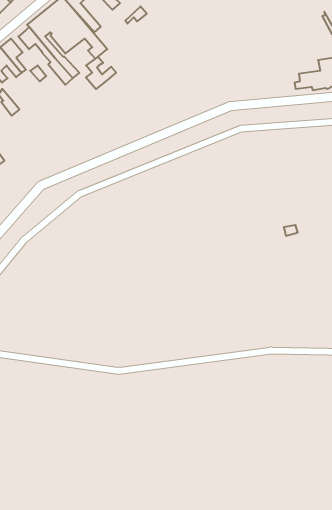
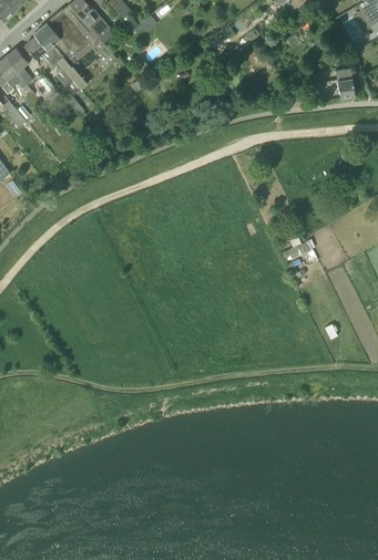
building: [86,57,116,89] -> none

